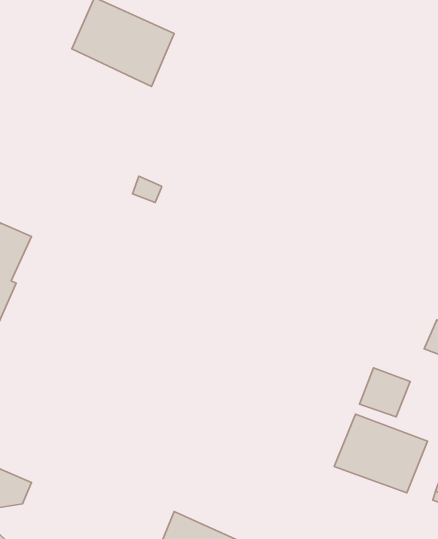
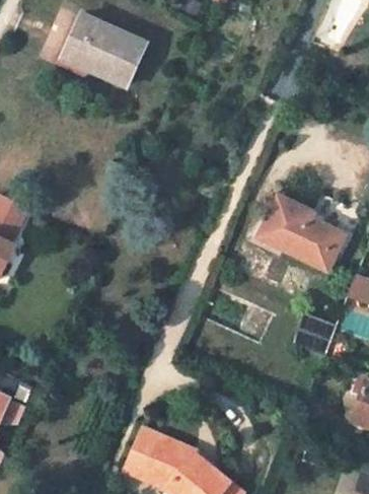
building: none -> [255,192,344,267]
building: [334,414,427,493] -> none

